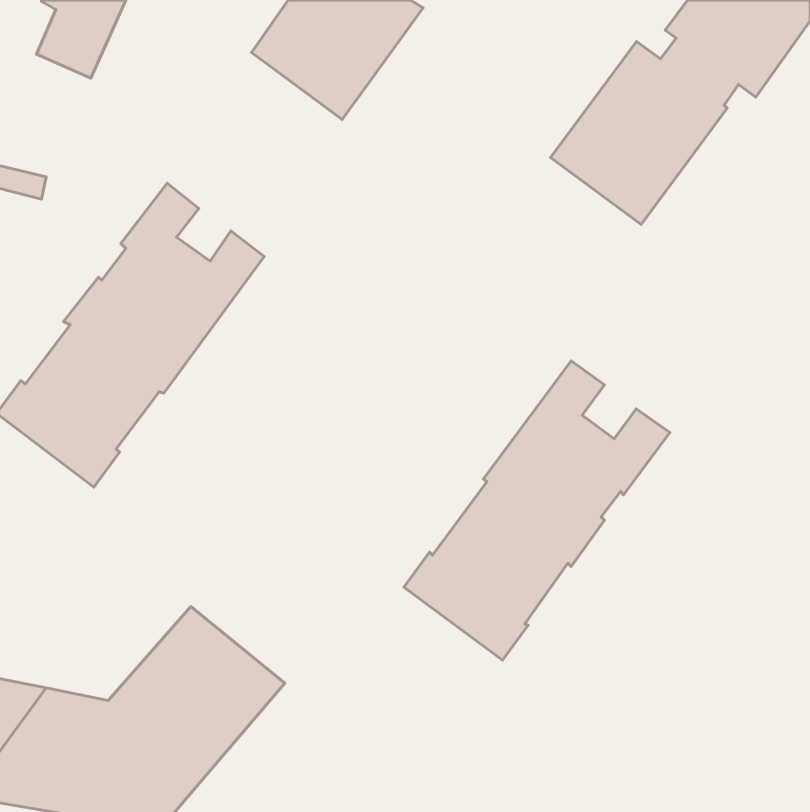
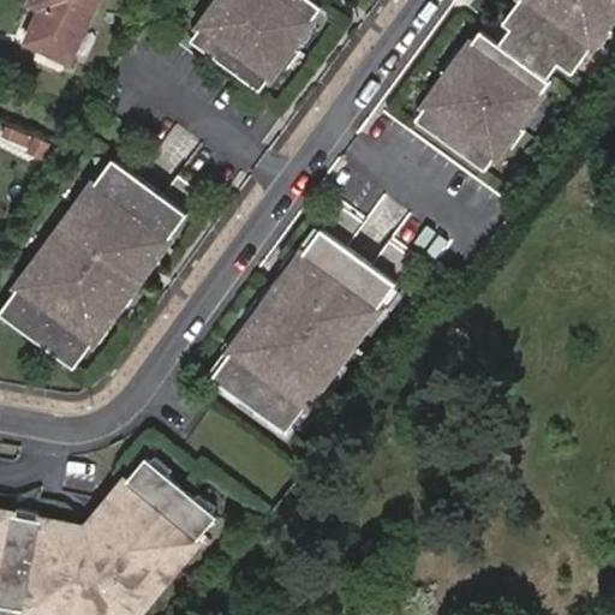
building: [404,361,670,660] -> [209,209,410,435]

